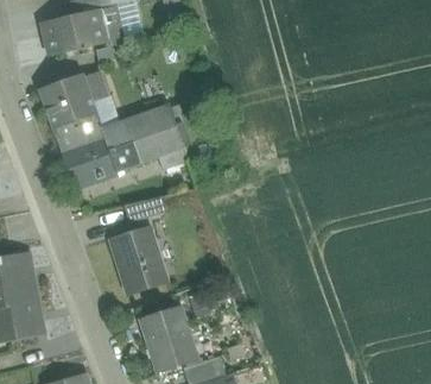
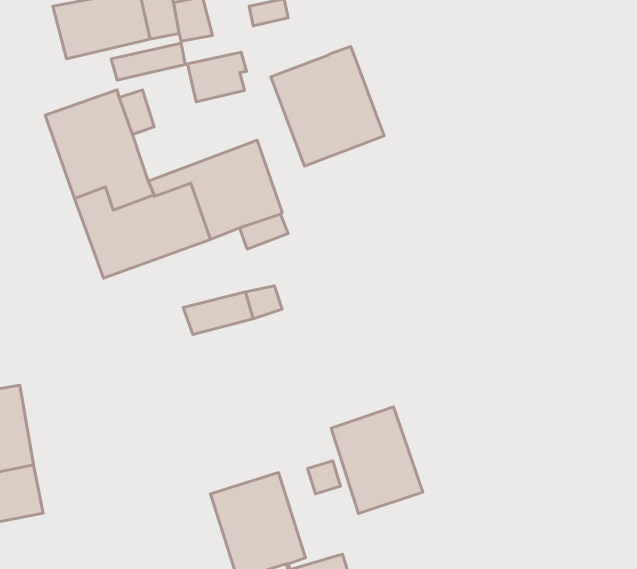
building: none -> [271,46,384,166]
building: none -> [188,52,246,102]
building: [110,228,166,294] -> [331,407,423,514]

